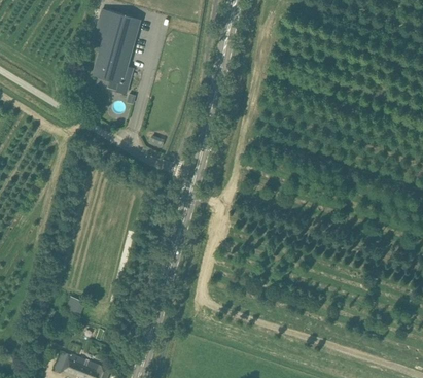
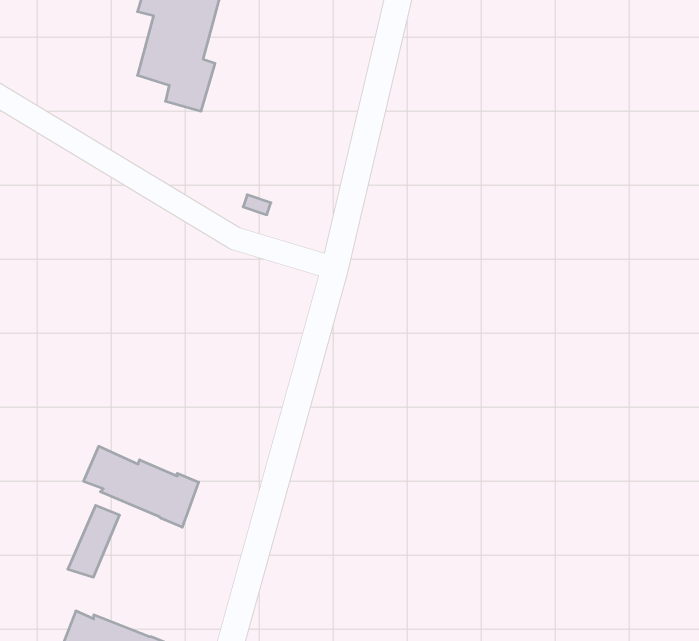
building: none -> [84,446,199,527]

